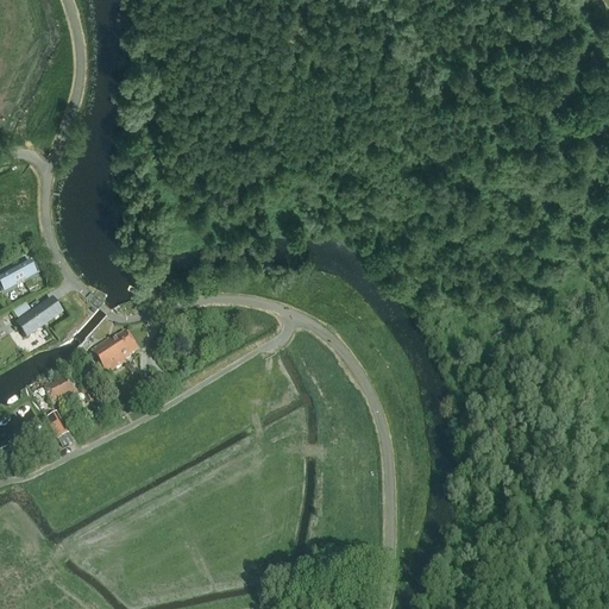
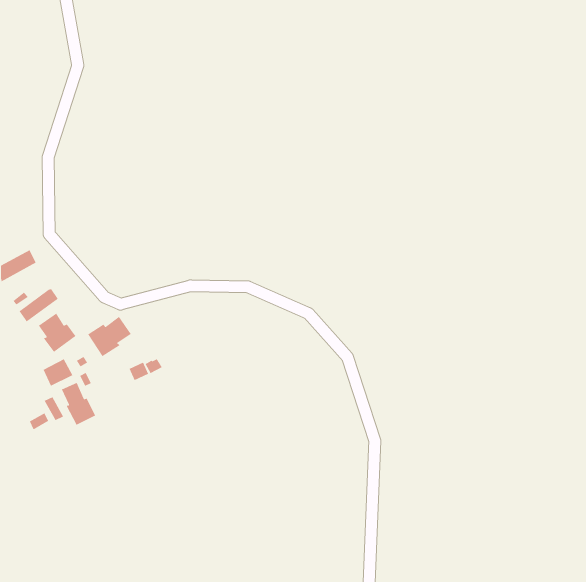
building: none -> [38,312,76,353]
building: none -> [61,382,96,426]

